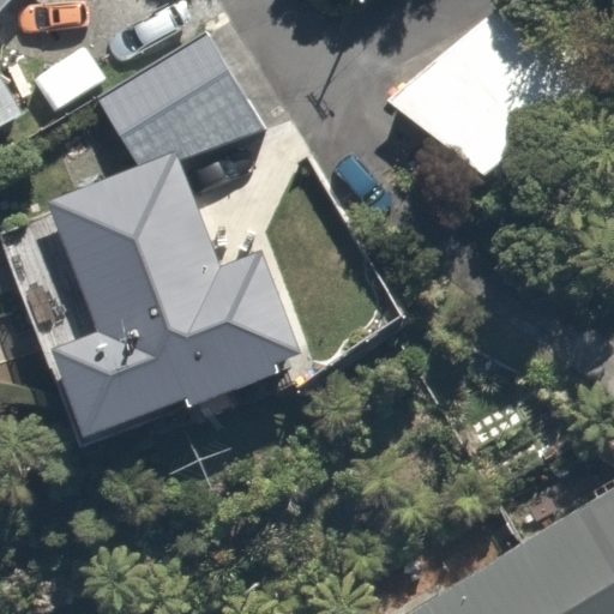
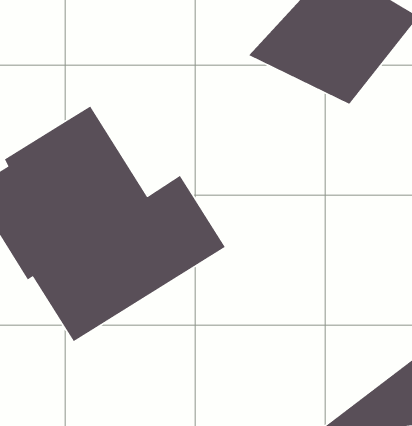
building: [94,30,296,200] -> none

